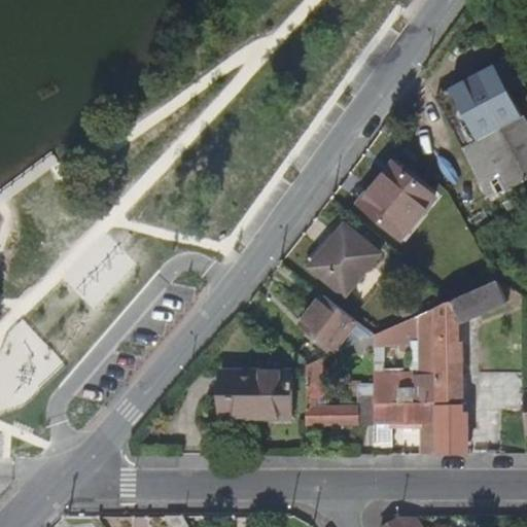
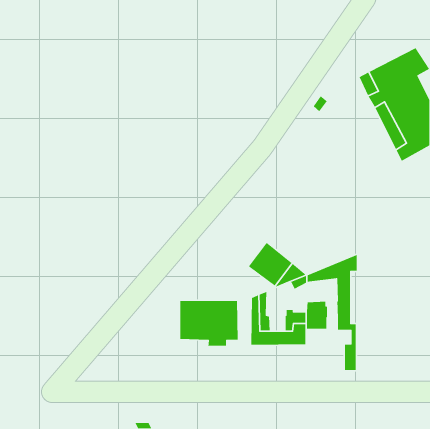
building: [365,169,433,238] -> none
building: [314,227,380,294] -> none
building: [435,285,499,453] -> none
building: [374,388,428,421] -> none

